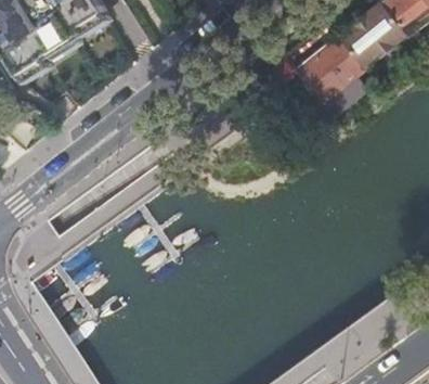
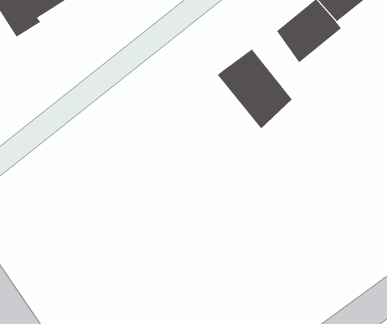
building: none -> [217,49,293,129]

